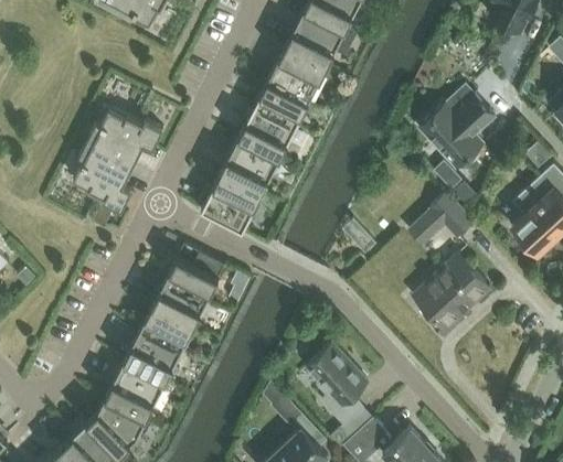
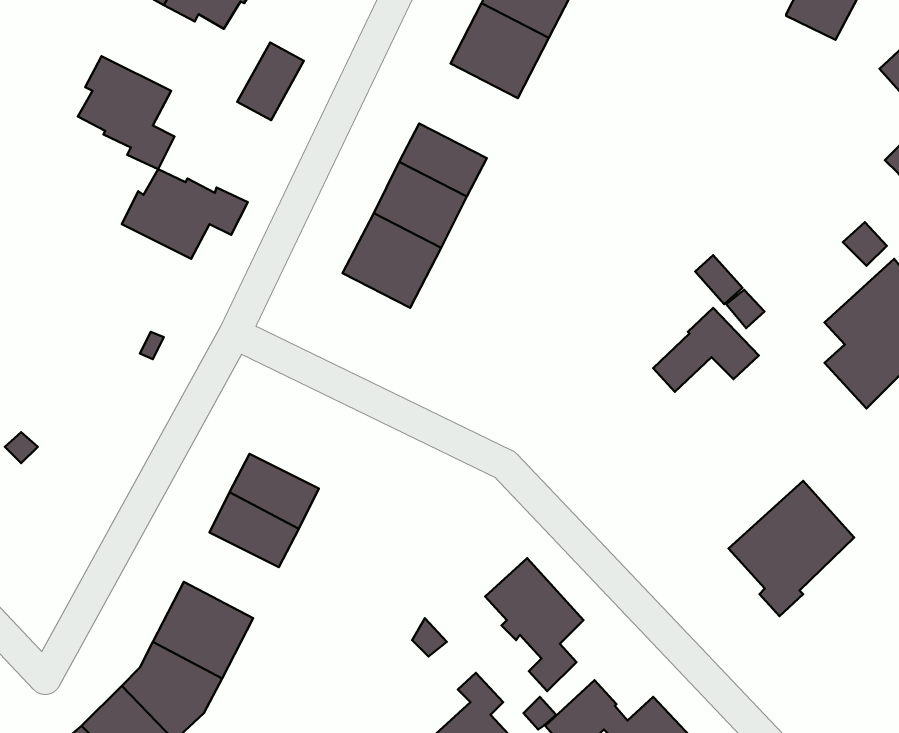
building: none -> [237,43,304,120]
building: [268,45,328,103] -> none
building: [419,94,496,169] -> none
building: [74,142,132,211] -> [78,56,175,169]
building: [202,172,263,232] -> none
building: [166,244,226,302] -> none
building: [414,254,490,335] -> [728,481,854,616]
building: [126,329,183,380] -> none

